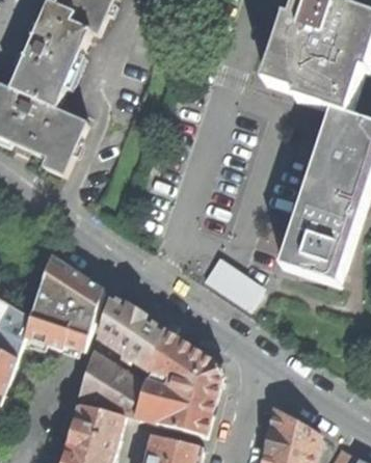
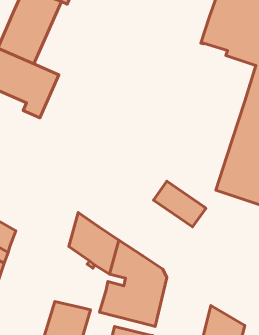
building: [24,254,102,347] -> none
building: [82,352,144,417] -> none

